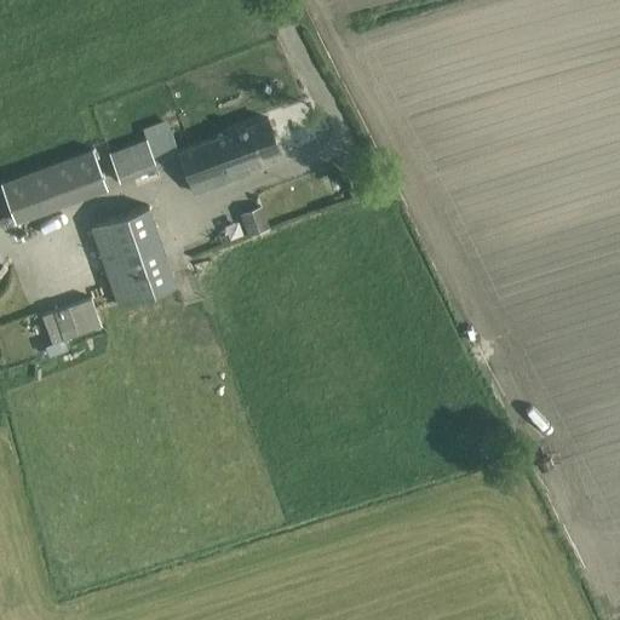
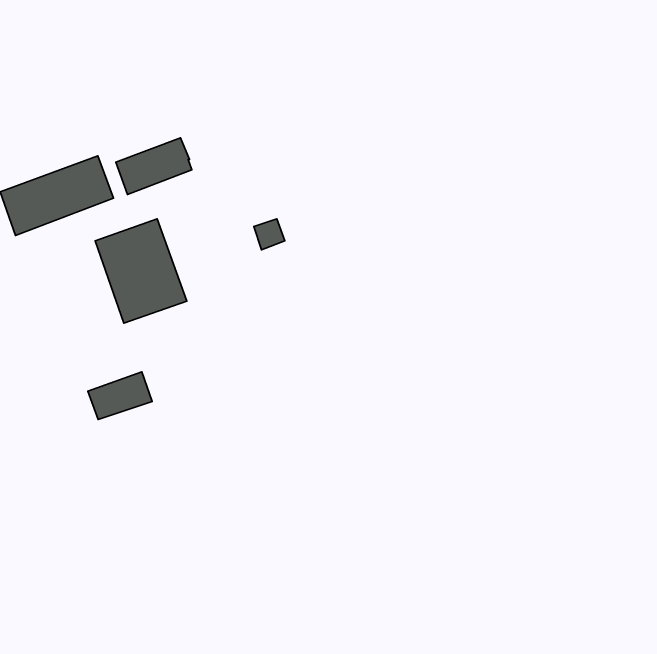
building: [177,121,276,194] -> none
building: [45,305,105,350] -> [88,372,152,419]

